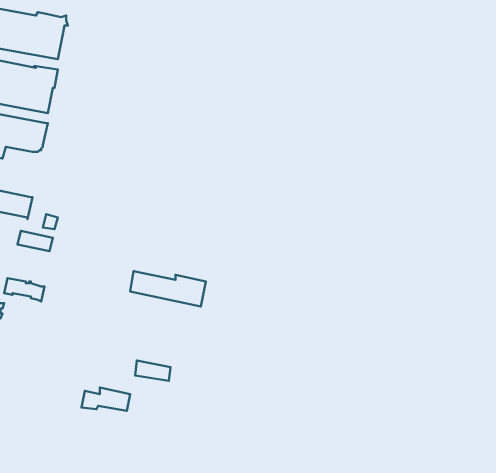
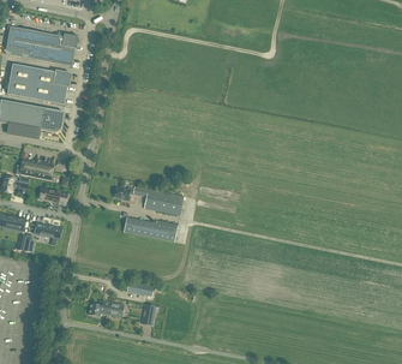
building: none -> [114,185,182,214]

